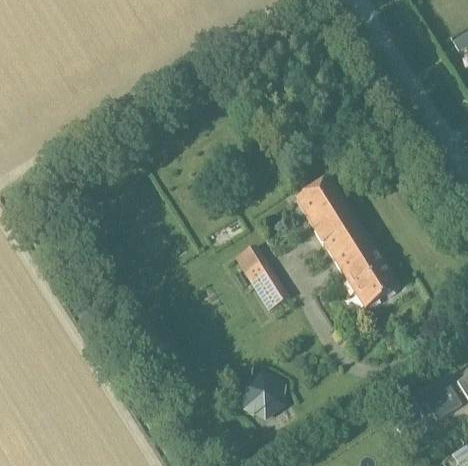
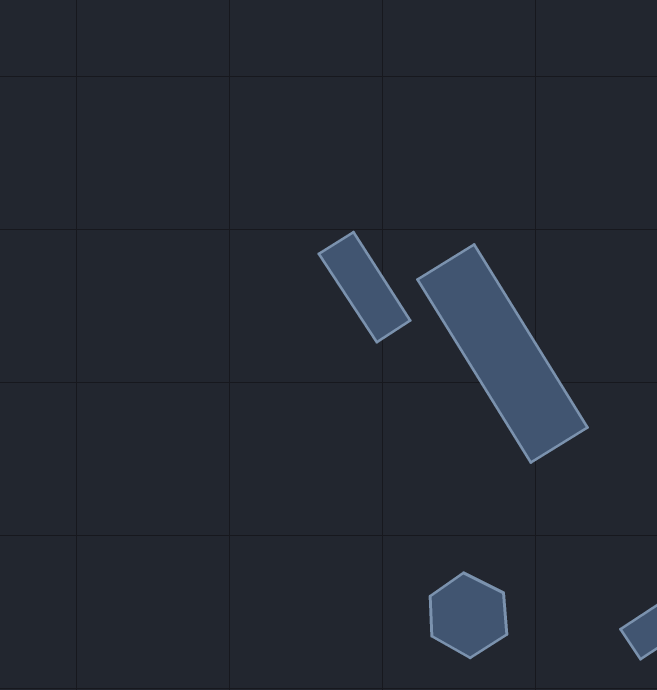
building: [234,243,289,309] -> [319,232,410,342]
building: [241,369,287,420] -> [430,573,507,658]

